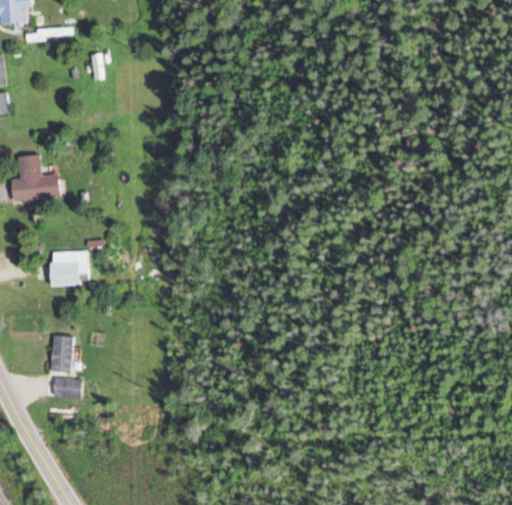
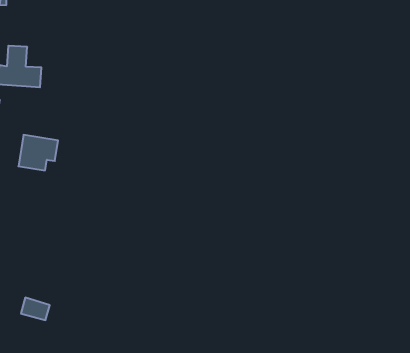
building: [49,334,73,372] -> none
building: [52,376,82,397] -> [21,298,50,320]

